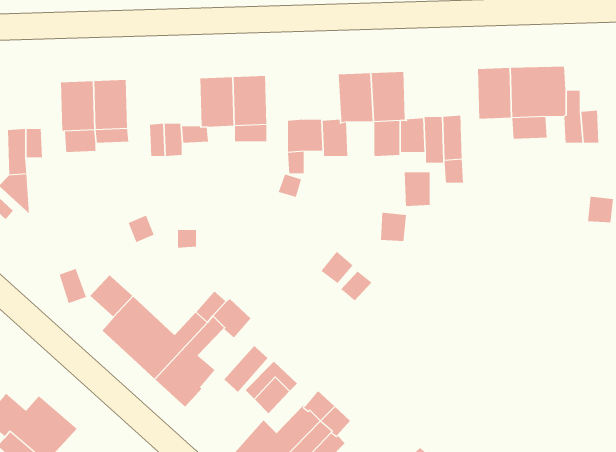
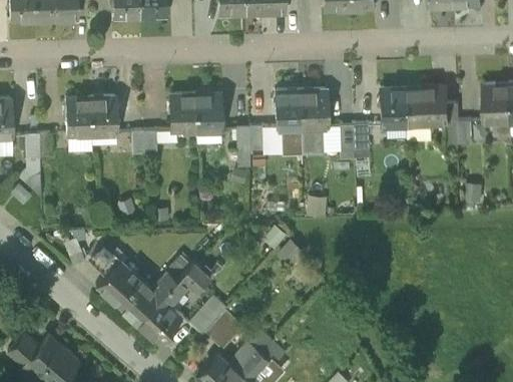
building: [404,172,430,206] -> [282,128,302,154]

